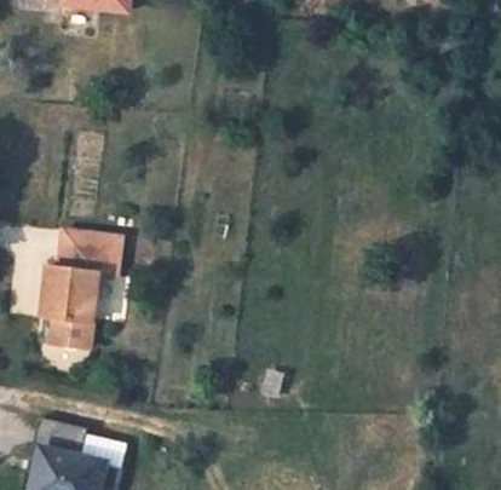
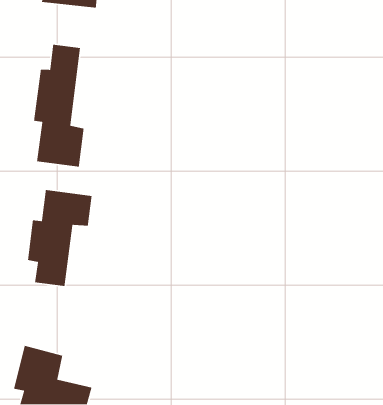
building: none -> [33,44,85,167]

